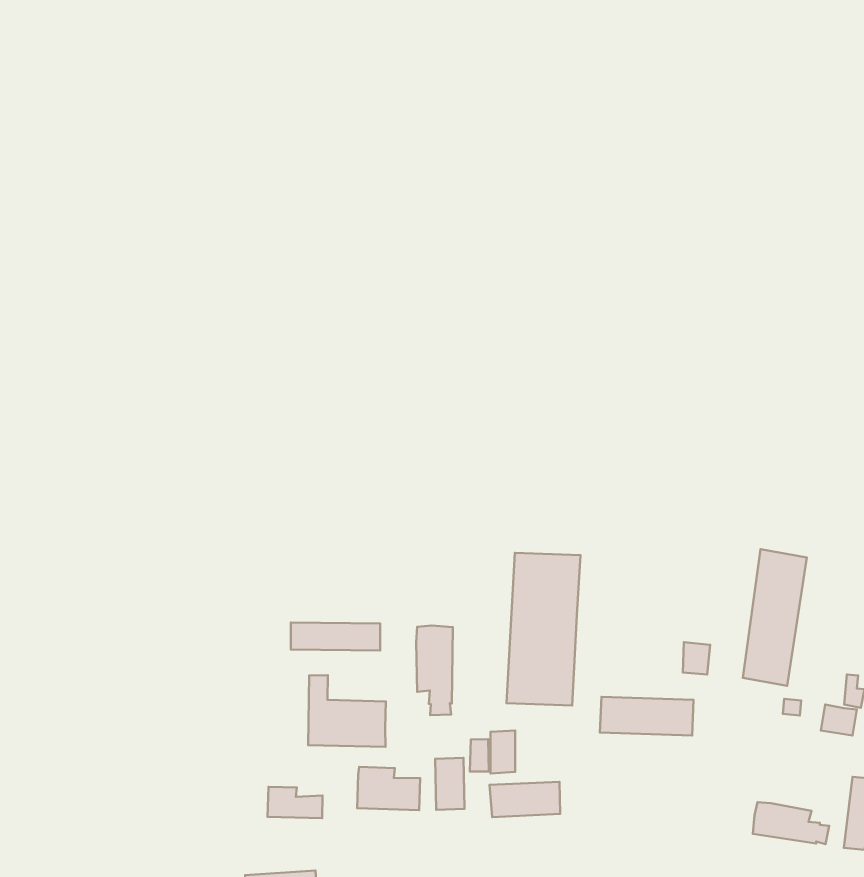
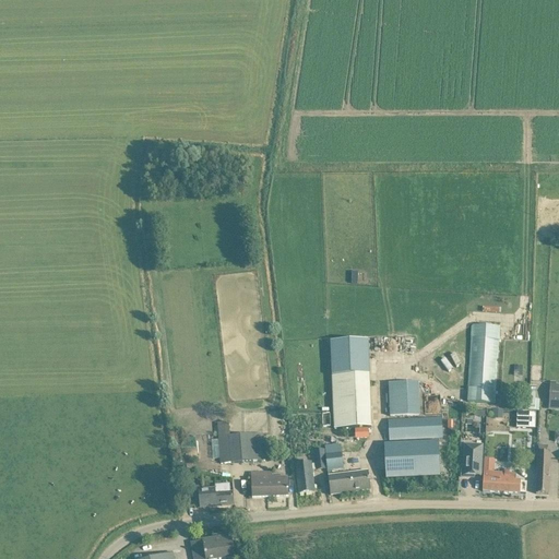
building: [291,623,380,651] -> none
building: [416,626,453,715] -> none
building: none -> [389,379,419,413]
building: none -> [384,439,440,476]
building: none -> [461,442,483,474]

